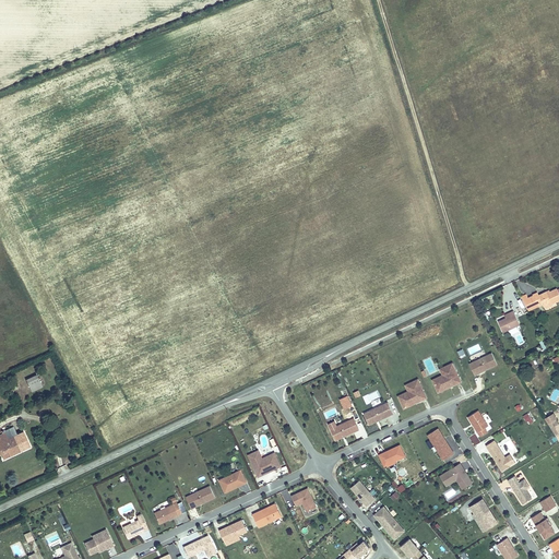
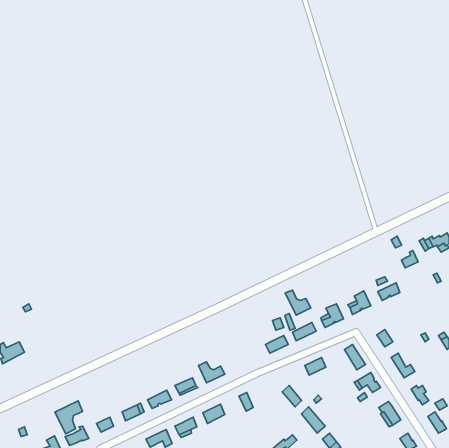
building: none -> [285,290,311,315]
building: none -> [55,401,83,434]

